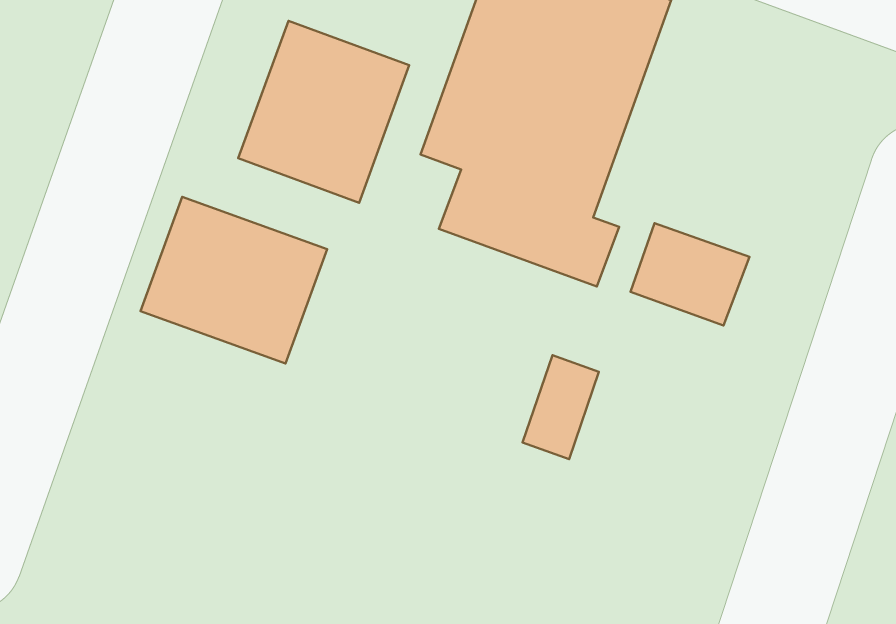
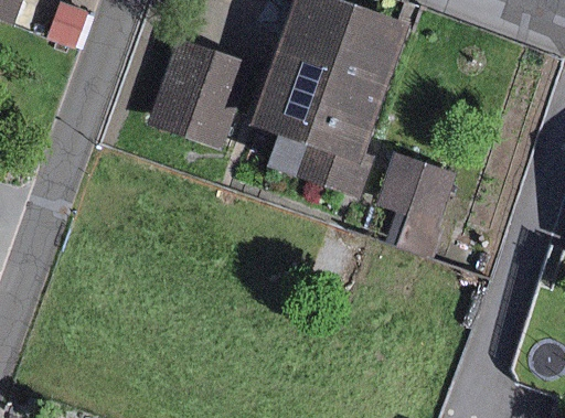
building: [140,197,327,364] -> none

